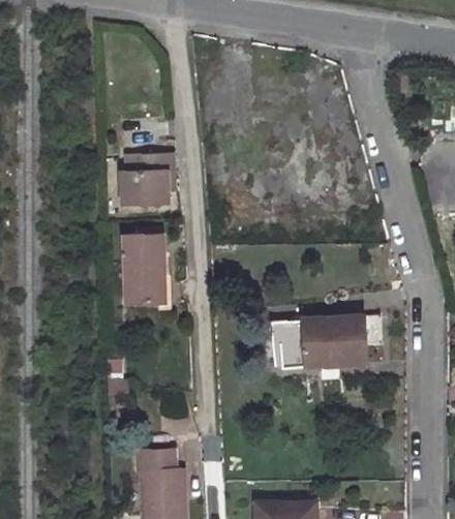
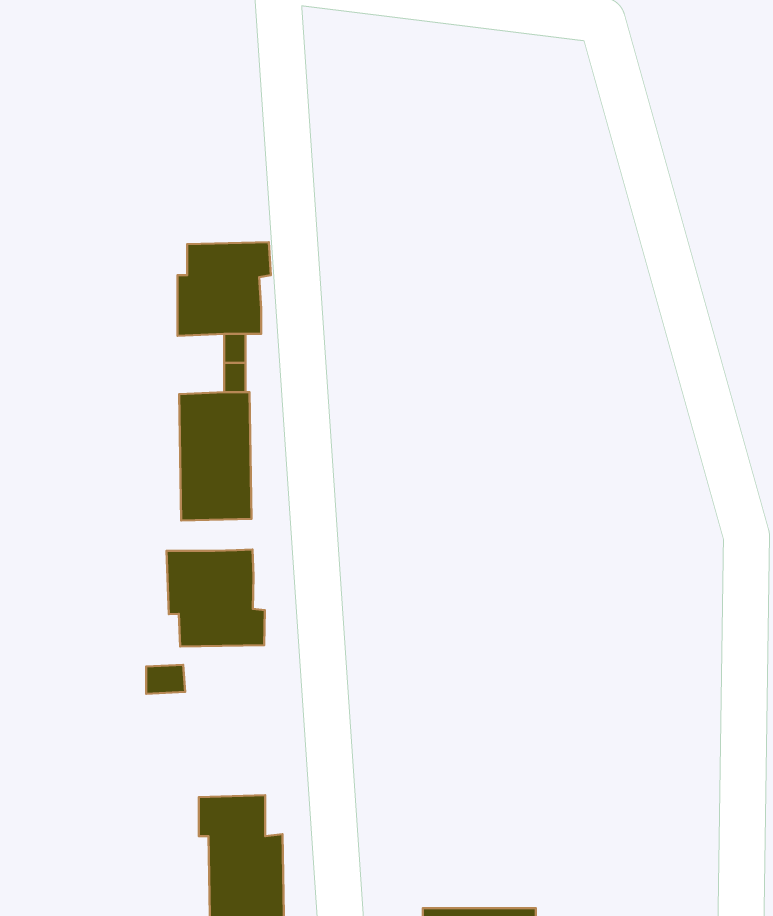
building: none -> [166,549,265,646]
building: [279,318,381,367] -> none

